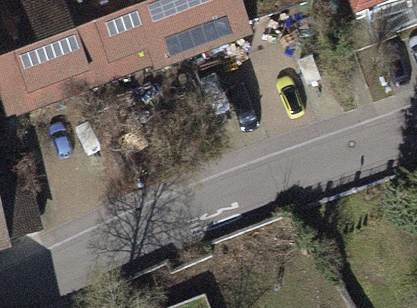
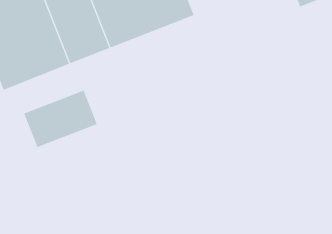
building: none -> [23,90,97,148]

